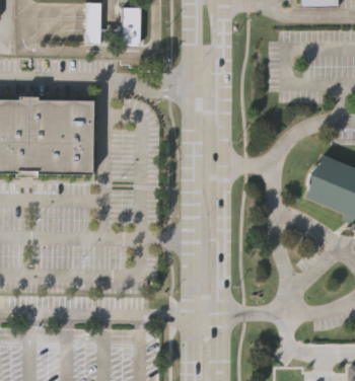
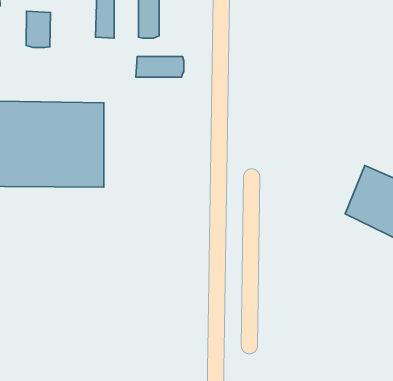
building: none -> [26,11,50,48]
building: none -> [136,56,184,77]

